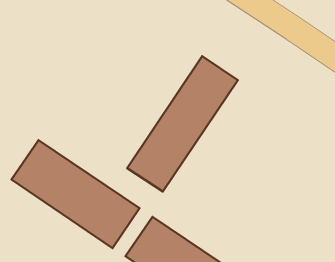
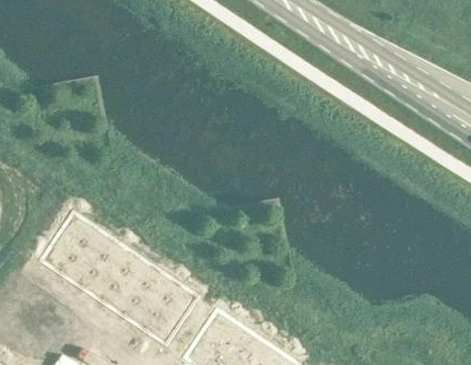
building: [127,56,238,191] -> none

